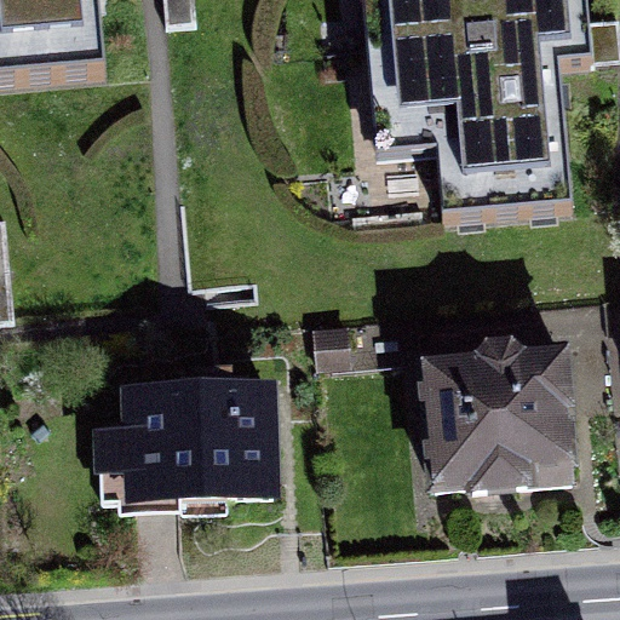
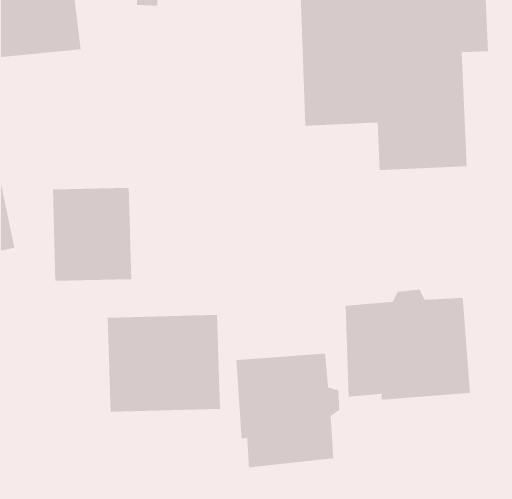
building: none -> [52,187,132,281]
building: none -> [236,353,340,468]

